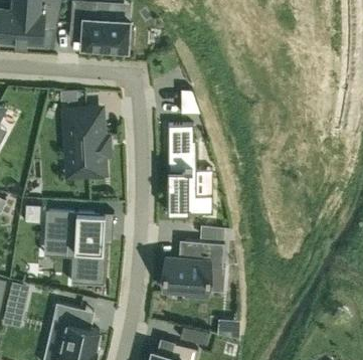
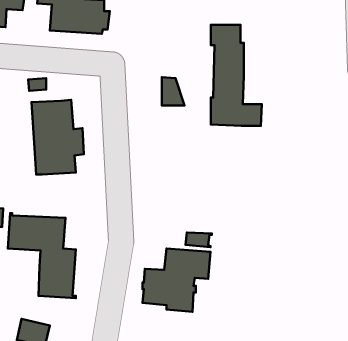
building: [168,126,213,215] -> [211,25,262,126]

